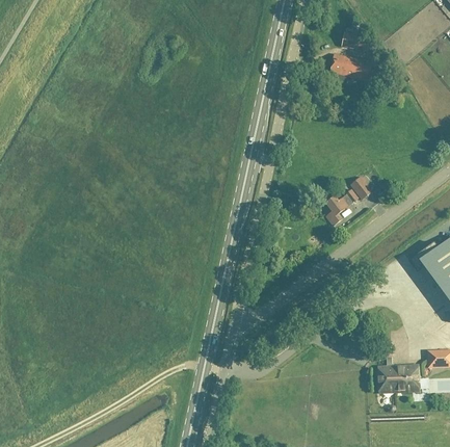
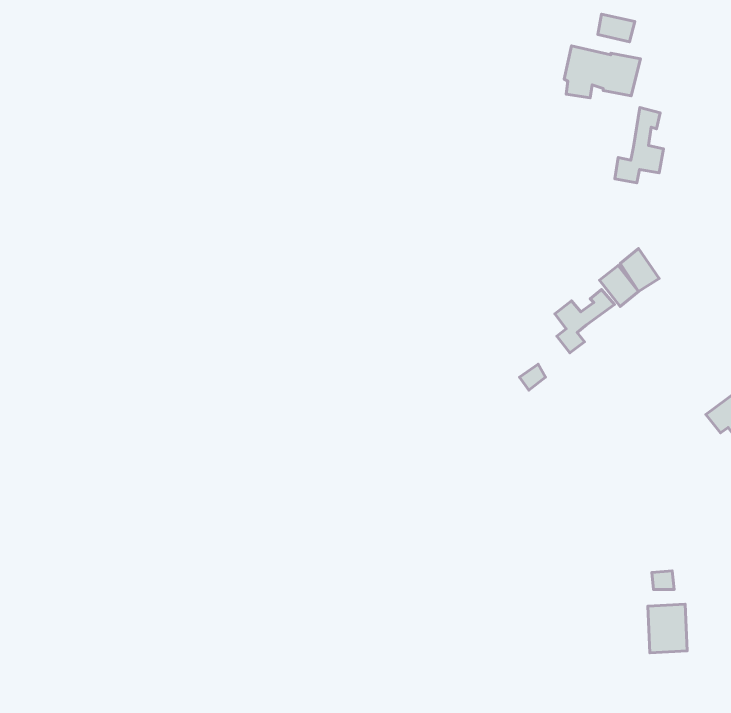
building: none -> [615,107,664,183]
building: [398,364,419,391] -> none

